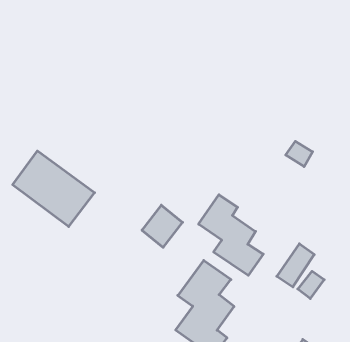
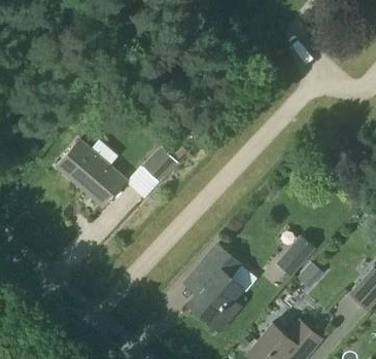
building: [199,195,263,275] -> none
building: [142,205,183,247] -> [141,147,177,184]

